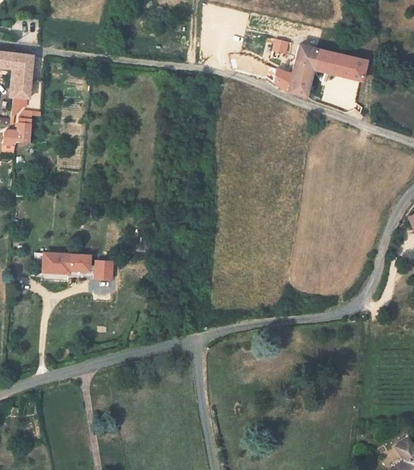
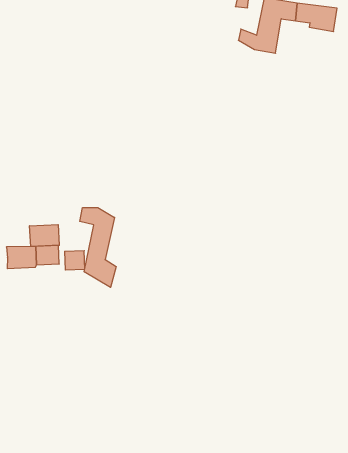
building: none -> [80,208,116,287]
building: none -> [30,225,59,246]

